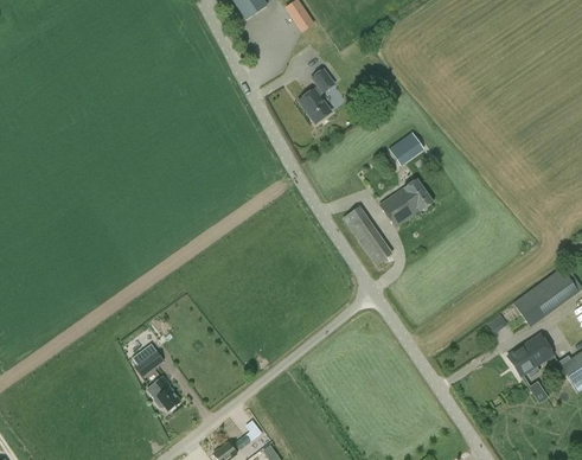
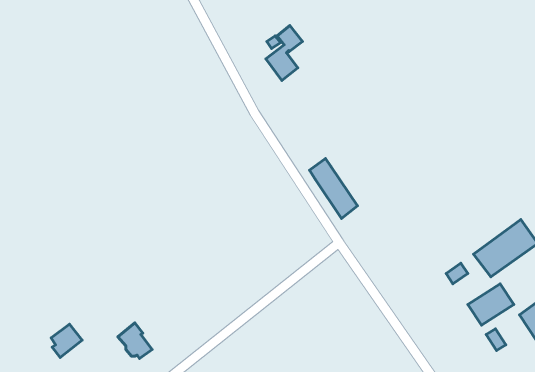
building: [394,130,427,162] -> none
building: [379,178,434,228] -> none
building: [133,343,165,377] -> [51,324,82,357]

